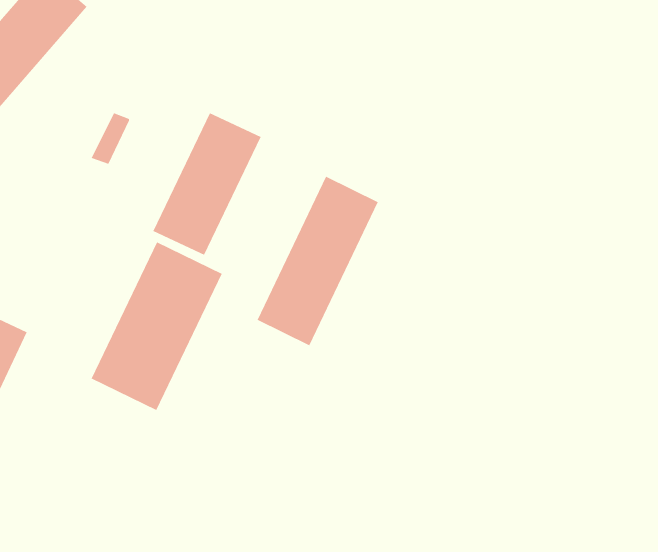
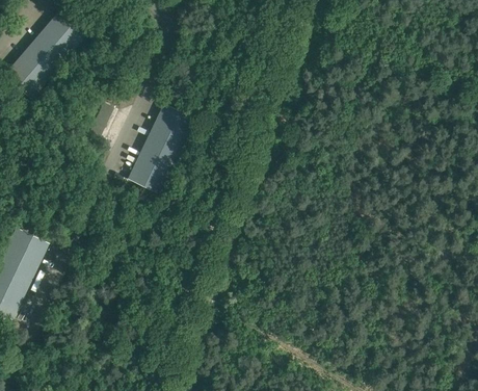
building: [257,176,379,346] -> none
building: [91,241,222,411] -> none

